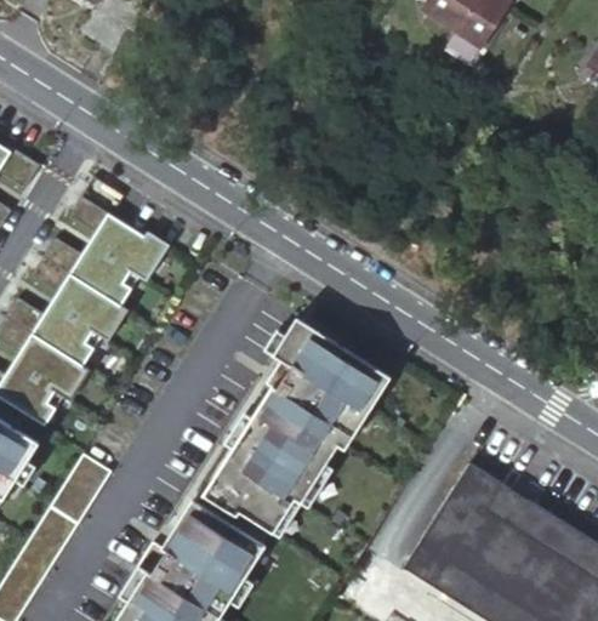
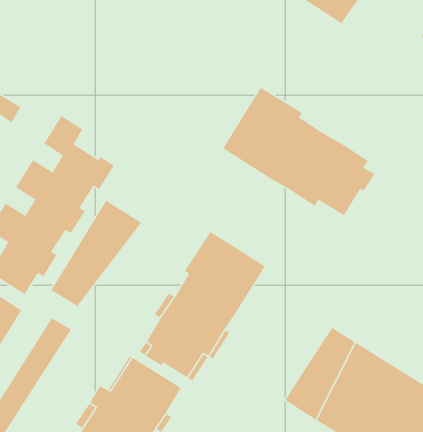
building: none -> [222,87,375,216]
building: none -> [51,200,142,307]
building: [270,324,386,454] -> none

